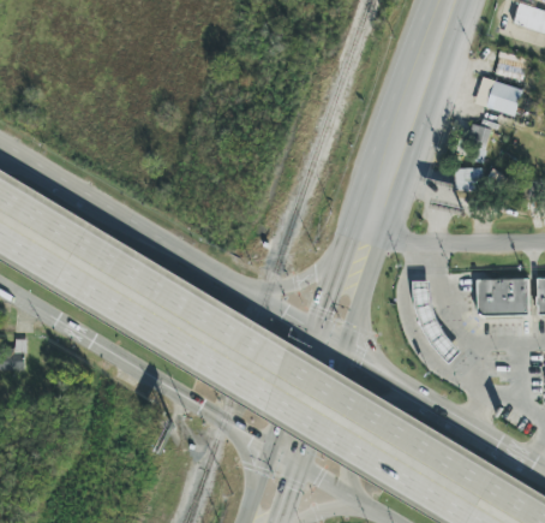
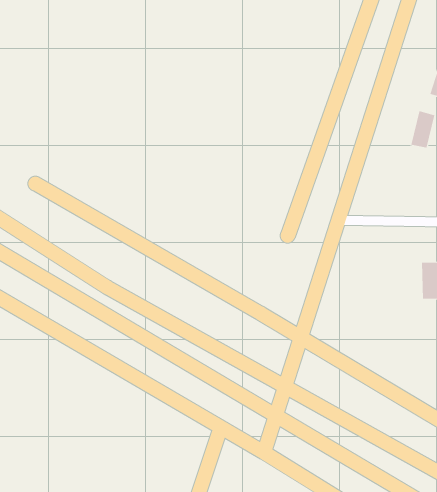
building: [455,167,481,191] -> none

